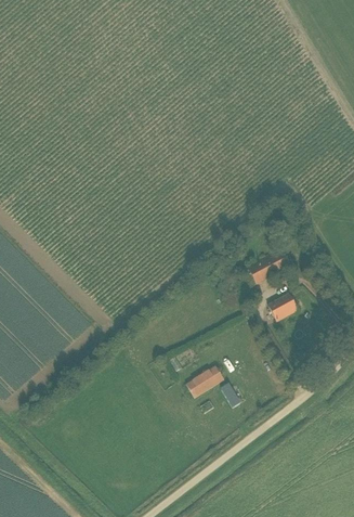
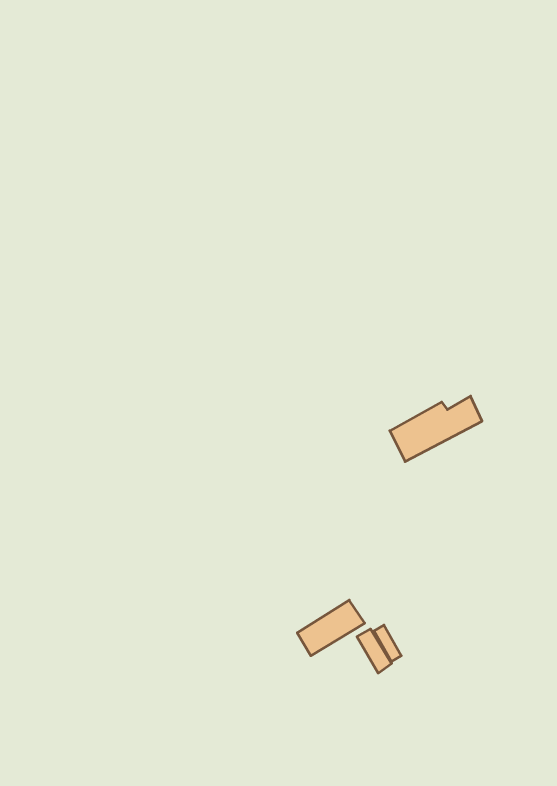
building: [266,293,297,319] -> none

